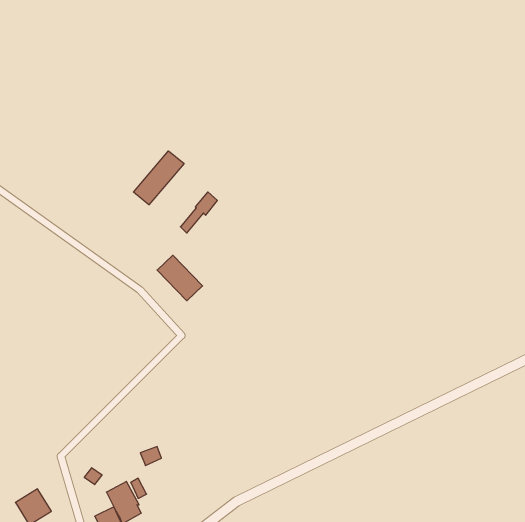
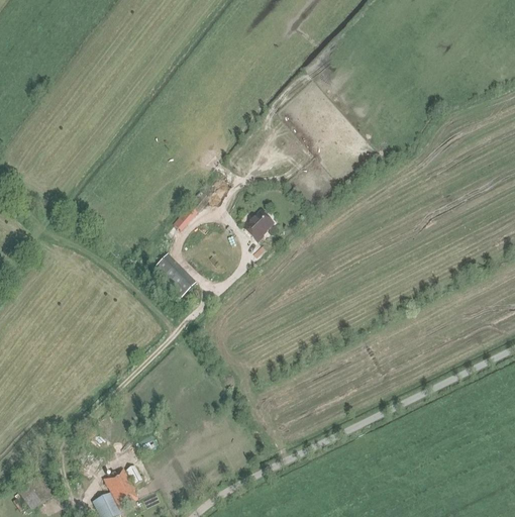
building: [133,151,184,205] -> none
building: none -> [245,212,274,241]

